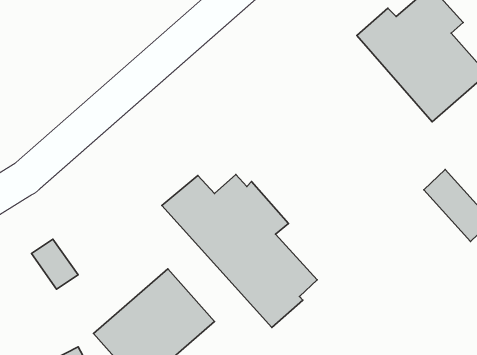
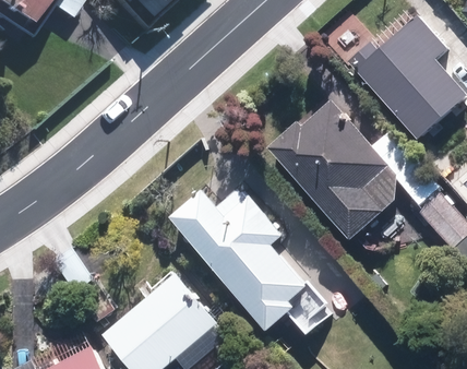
building: none -> [267,102,398,239]

